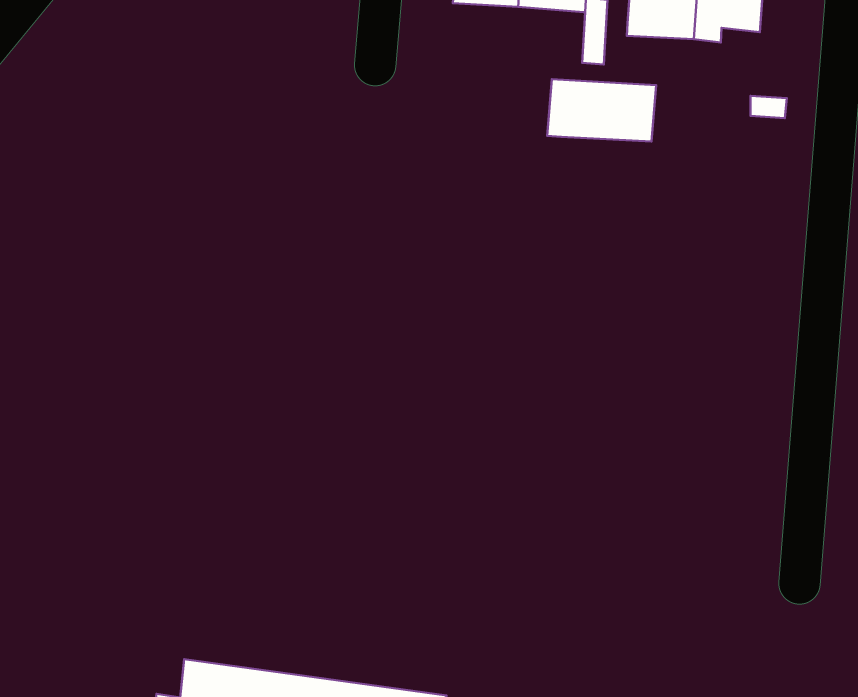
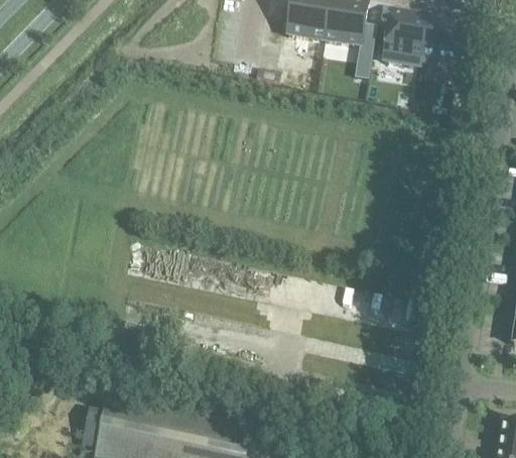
building: [547,79,656,142] -> none

